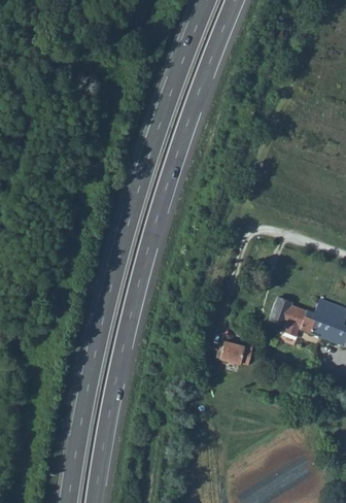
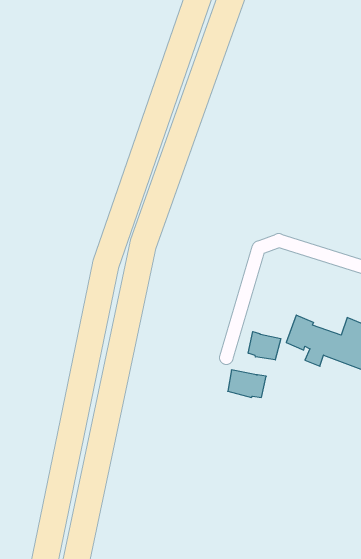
building: none -> [248,332,281,360]

